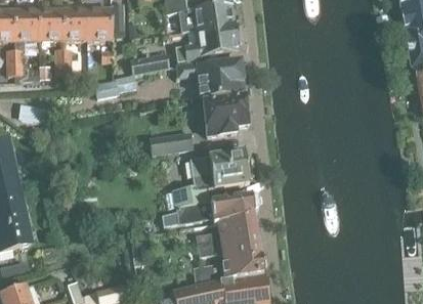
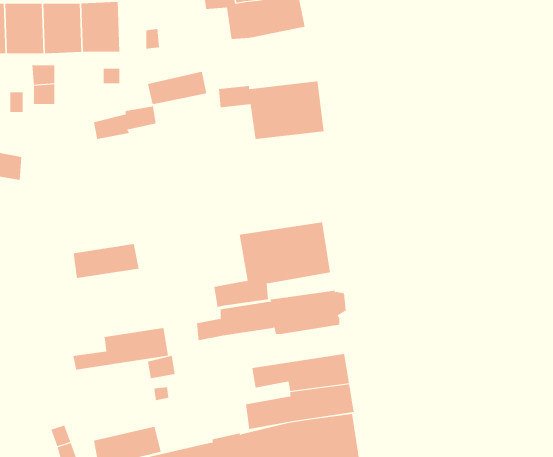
building: [176,23,239,61] -> none
building: [201,93,250,137] -> none
building: [149,133,192,156] -> [73,244,139,278]
building: [196,216,258,244] -> [72,327,169,370]

